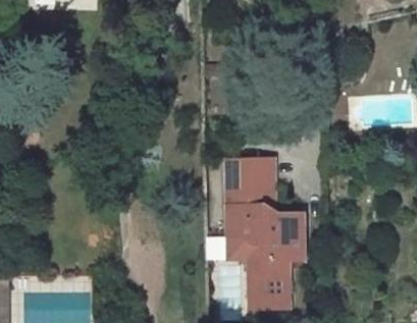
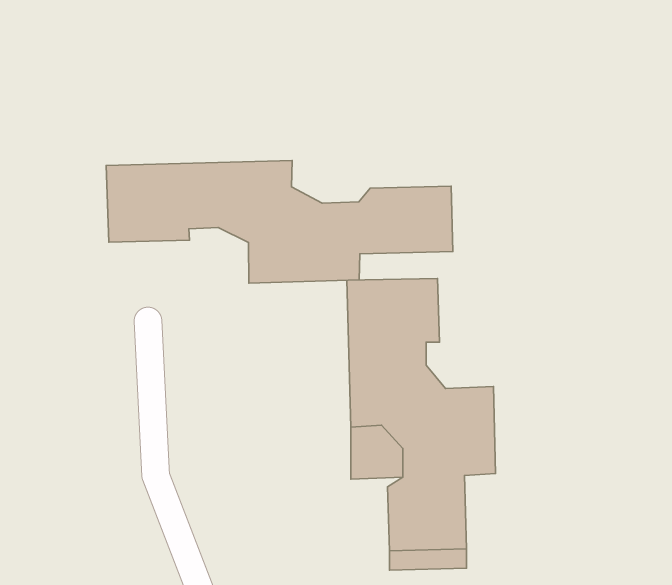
building: none -> [106,161,453,283]

